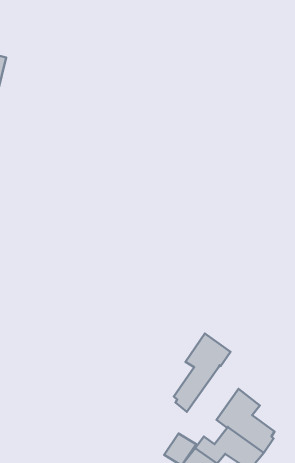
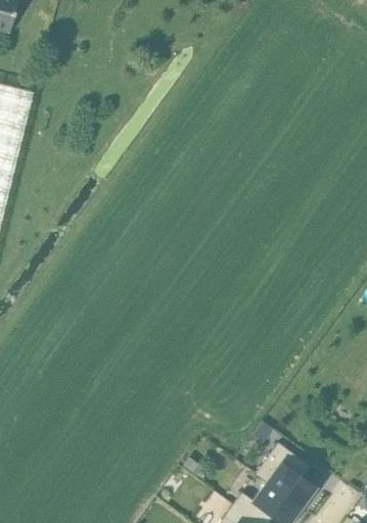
building: [174,333,231,412] -> none

